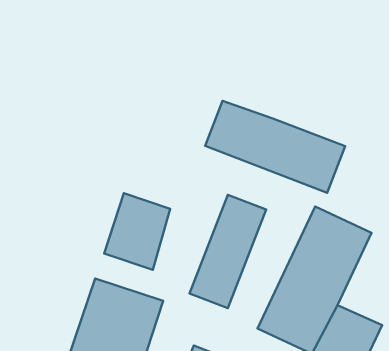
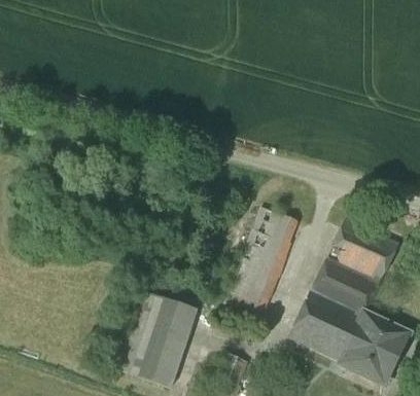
building: [205,101,345,193] -> none
building: [104,193,170,270] -> none

